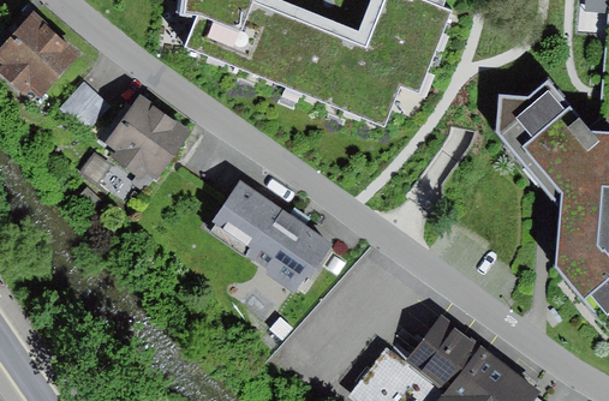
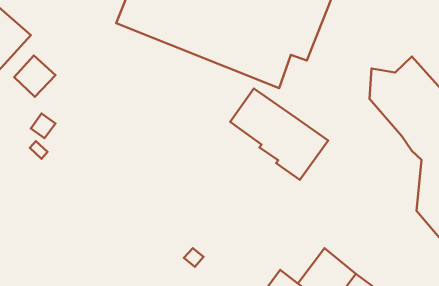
building: [105,95,195,182] -> none
building: [211,181,332,293] -> [230,89,328,180]

